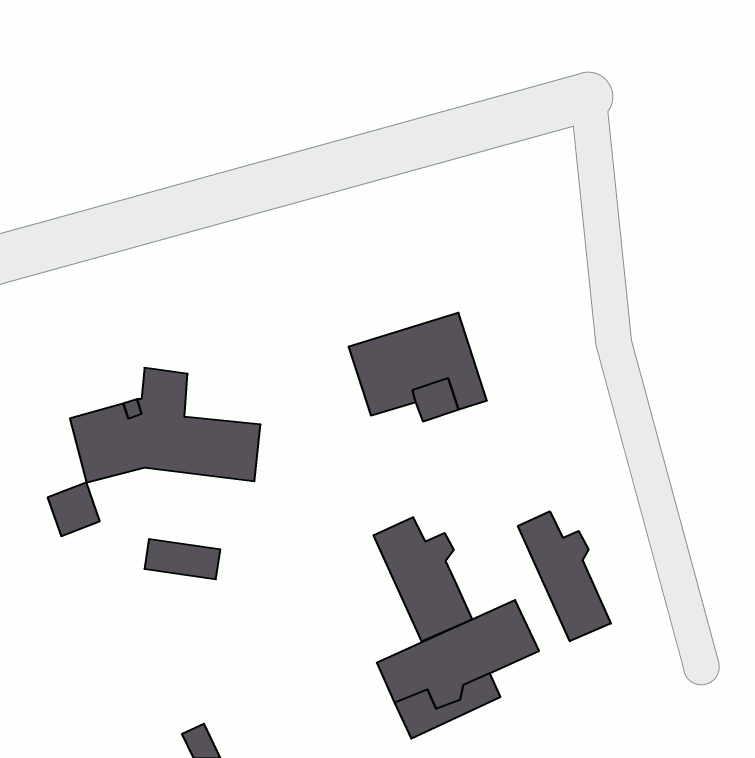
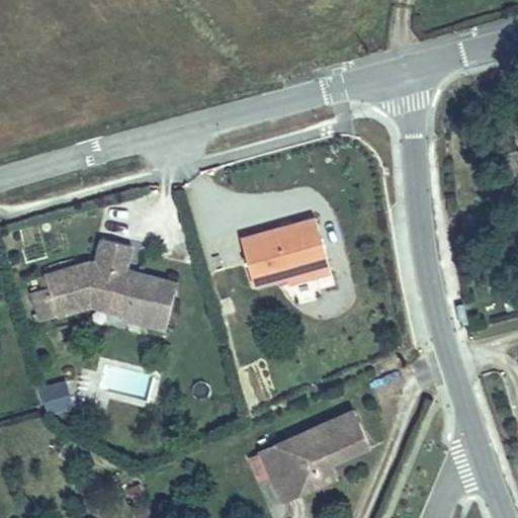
building: [48,482,100,536] -> [35,377,71,414]
building: [518,511,611,641] -> none
building: [374,517,472,642] -> none

